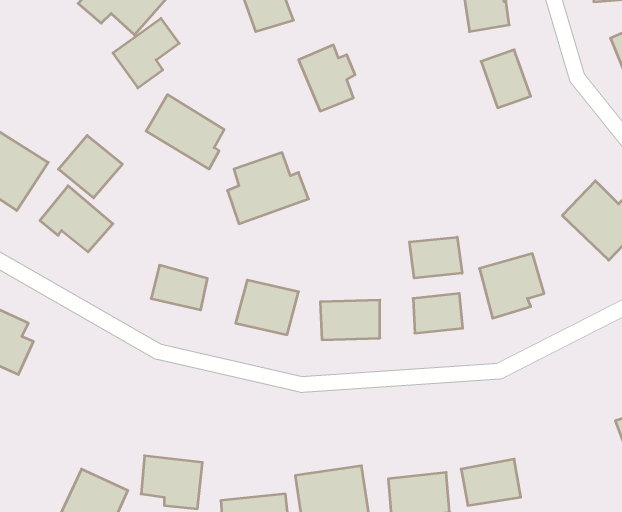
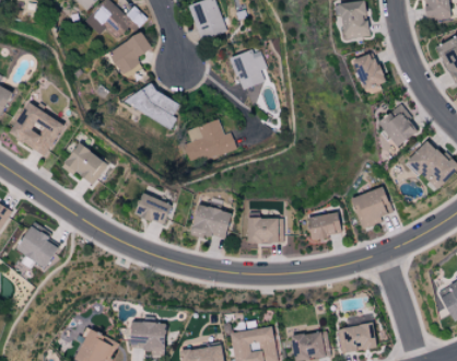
building: none -> [377,104,419,147]
building: [58,135,122,198] -> none
building: [409,237,462,278] -> none

